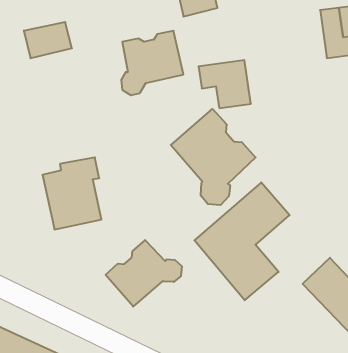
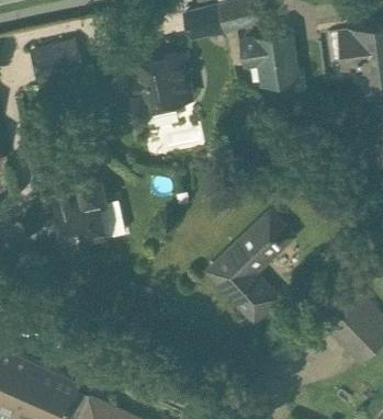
building: [198,60,251,108] -> [244,36,296,84]
building: [171,109,256,205] -> none
building: [106,240,182,307] -> none

